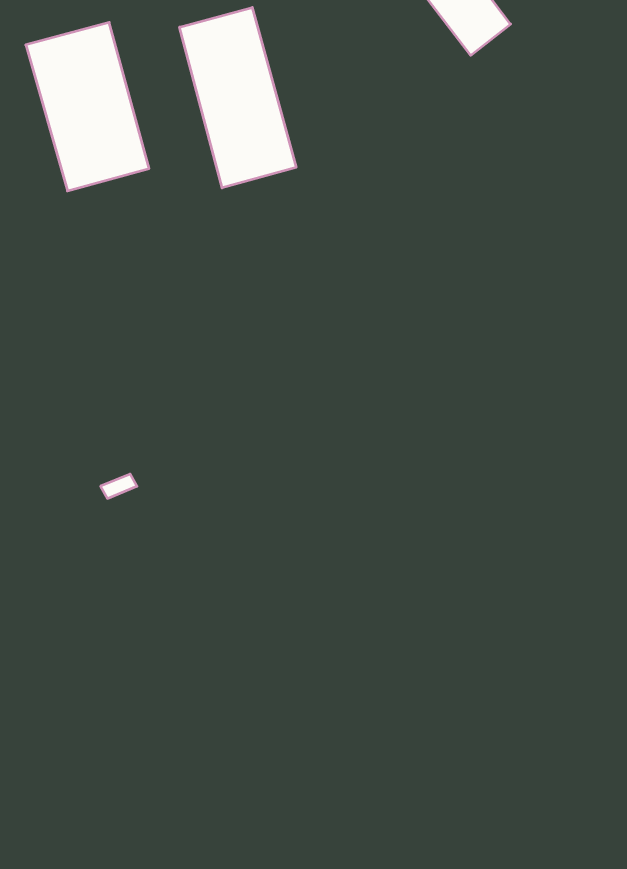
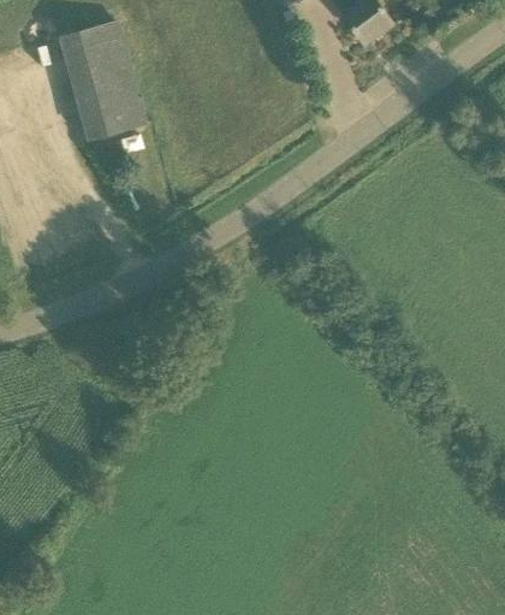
building: [180,7,296,188] -> none

